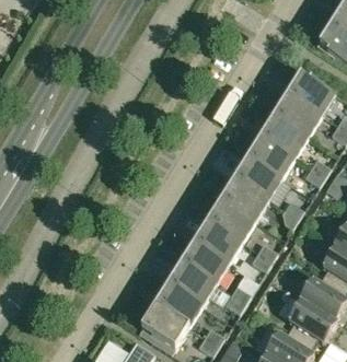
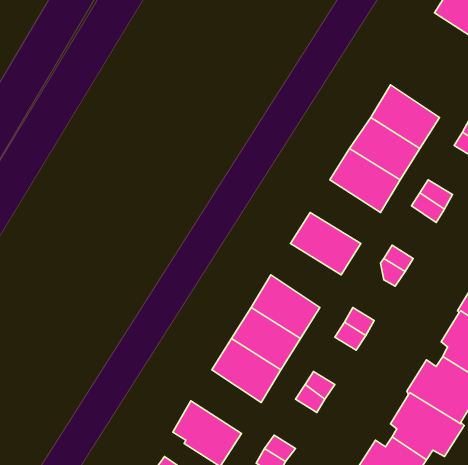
building: [288,70,335,114] -> none
building: [234,155,281,198] -> none
building: [208,198,255,241] -> none
building: [154,282,201,325] -> none

